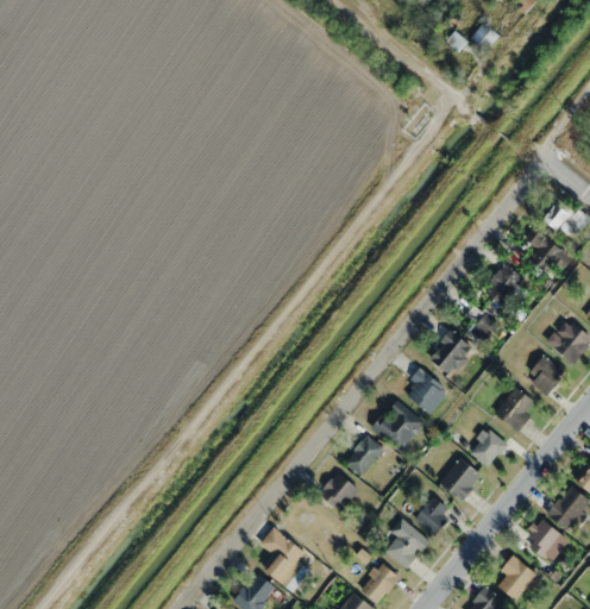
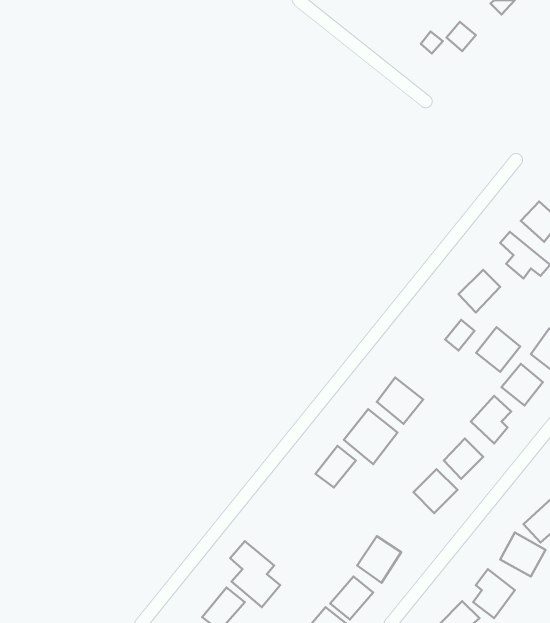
building: none -> [476,327,520,372]
building: [428,331,473,376] -> none
building: [319,472,358,511] -> none
building: [414,497,451,535] -> none

